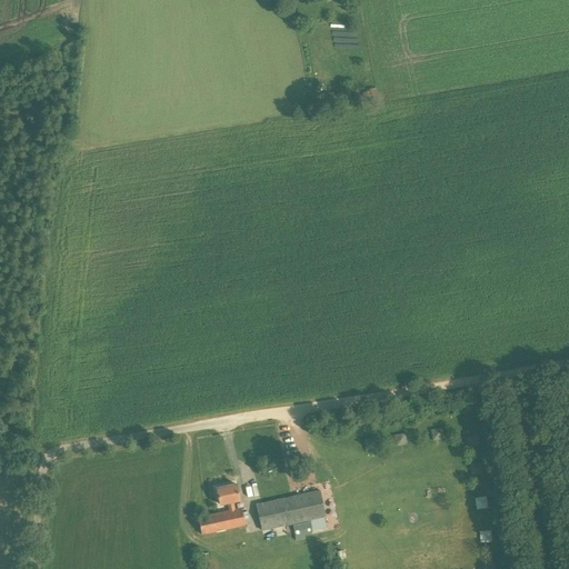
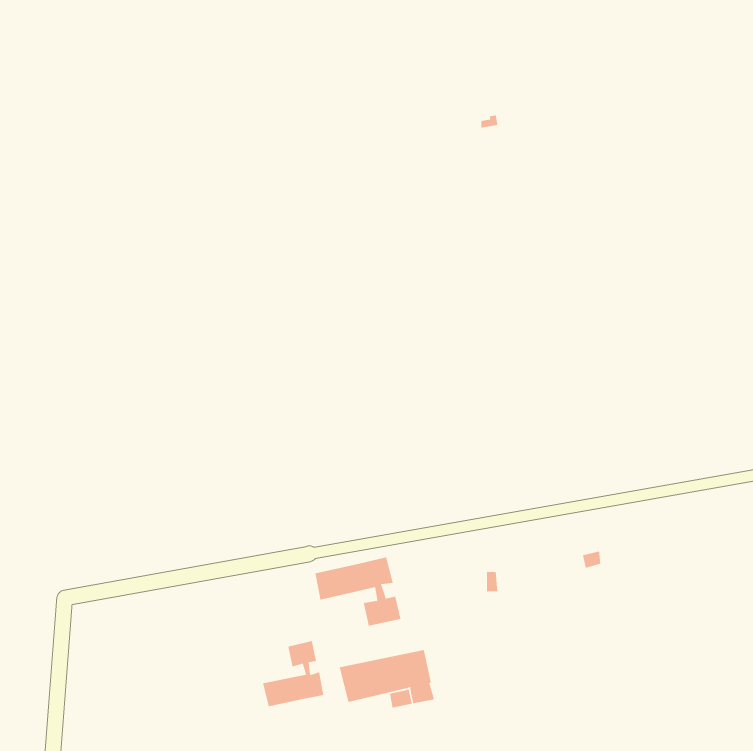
building: none -> [315,556,401,626]

